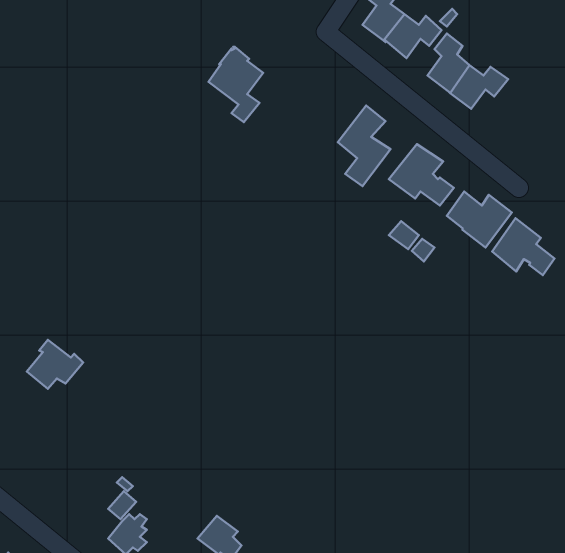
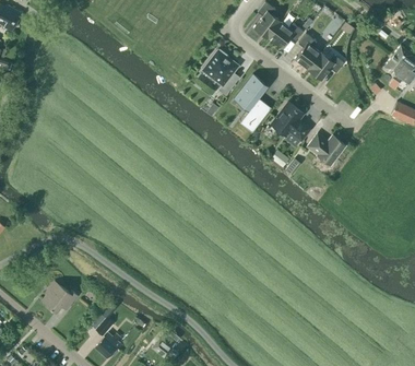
building: [209,47,263,122] -> [203,49,237,96]
building: [492,218,555,275] -> none
building: [27,340,83,389] -> [42,282,76,312]

